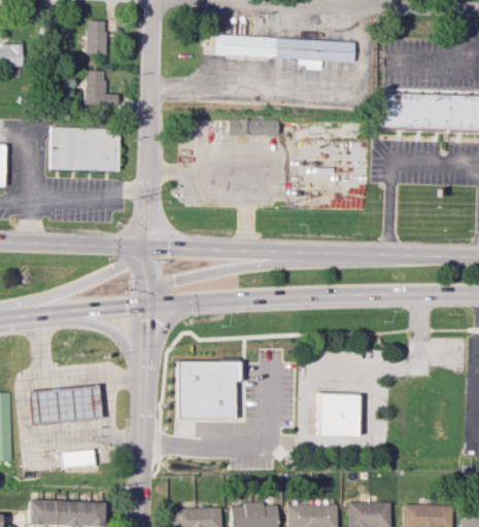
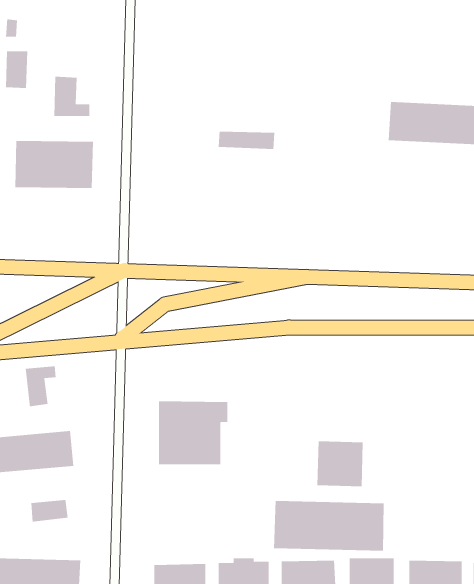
building: [85,20,106,54] -> [5,51,28,89]
building: [216,35,355,61] -> none
building: none -> [25,365,56,407]
building: none -> [273,500,384,552]

